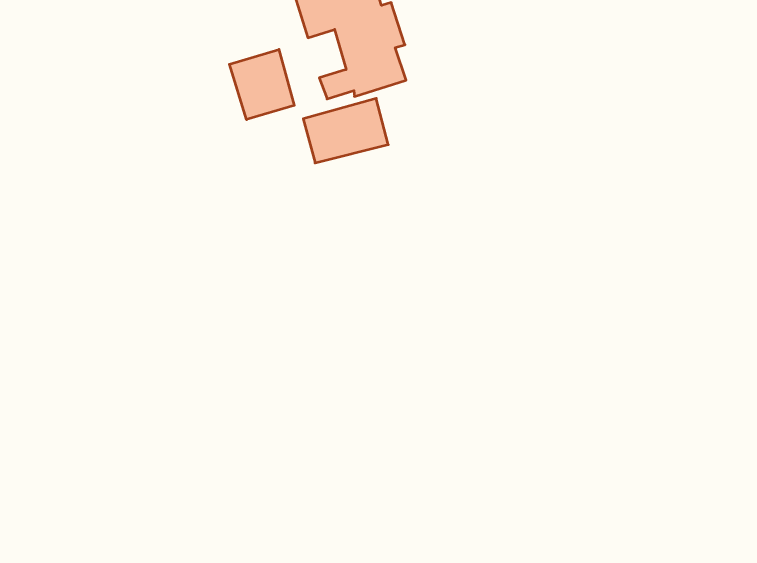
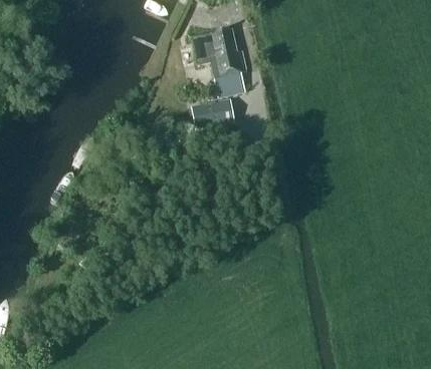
building: [229,49,294,120] -> none

